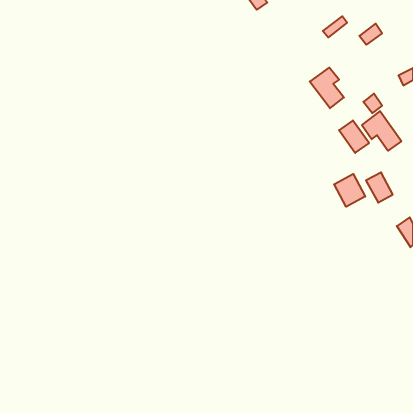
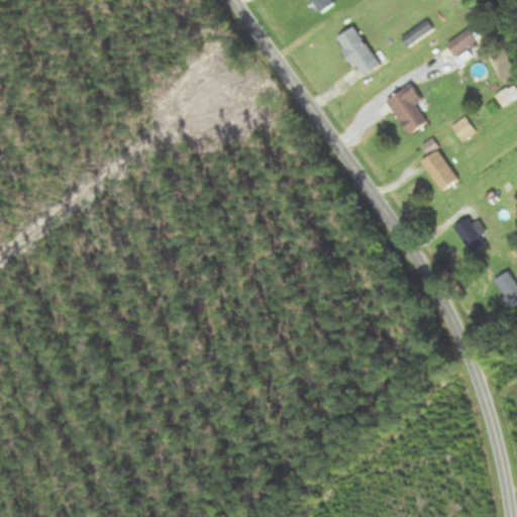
building: none -> [336,26,379,77]
building: [362,111,401,151] -> none
building: [334,174,365,207] -> none

